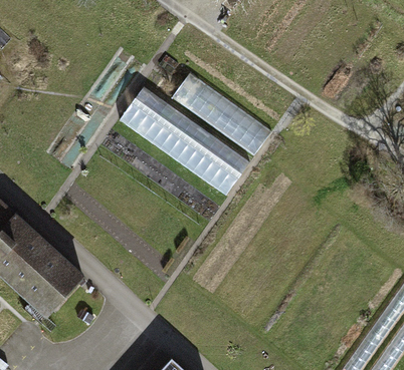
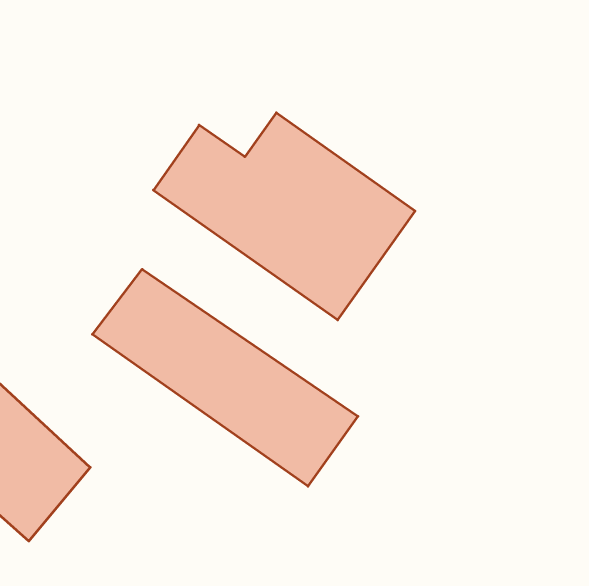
building: none -> [92,269,358,486]

